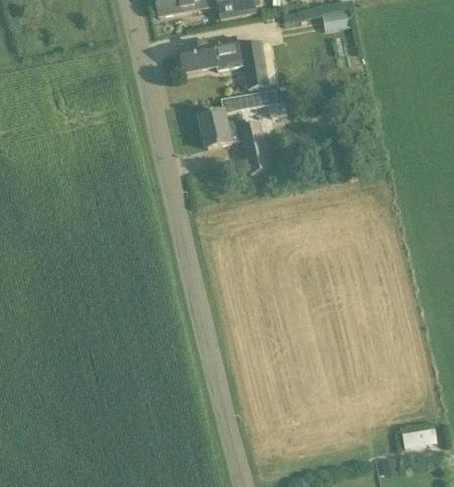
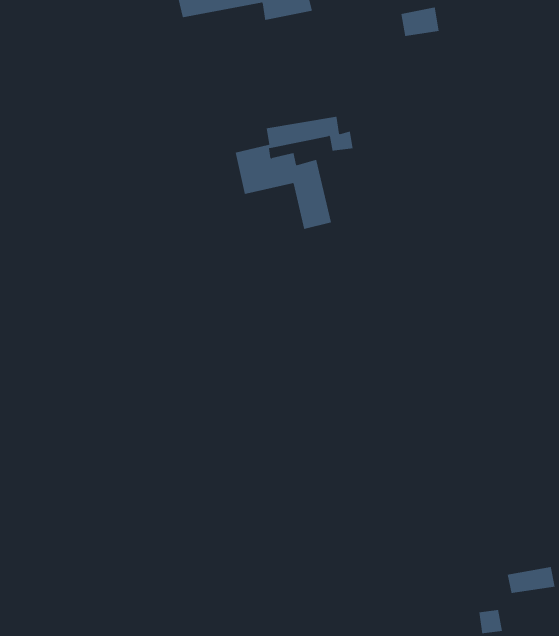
building: [178,37,277,89] -> none

